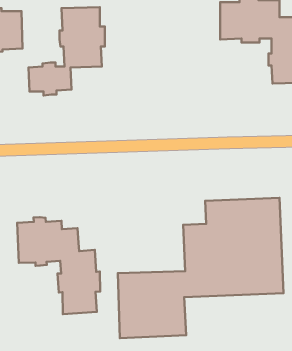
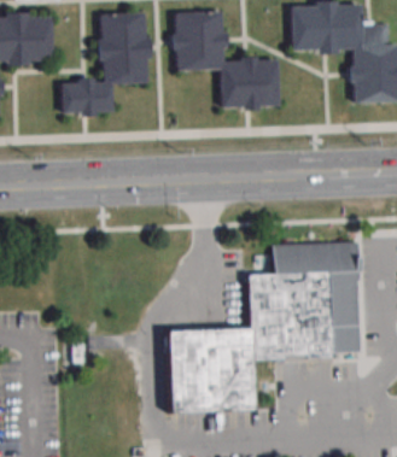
building: none -> [171,12,280,111]
building: [17,217,100,314] -> none

